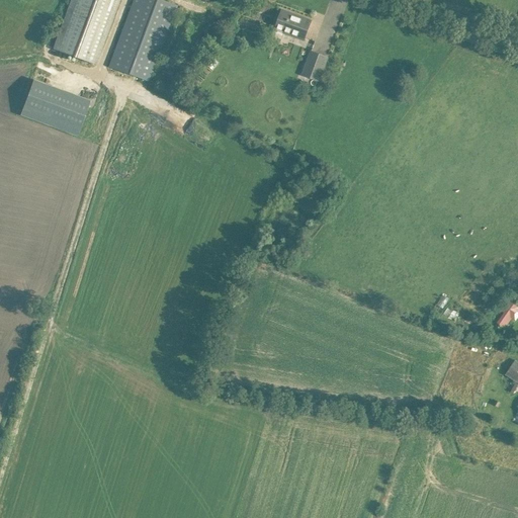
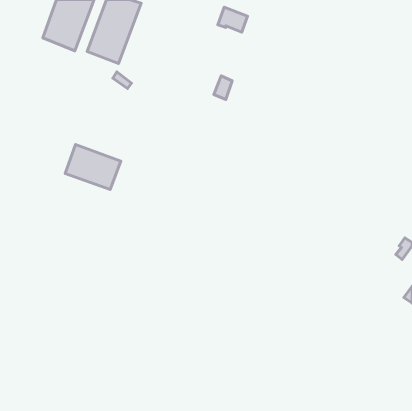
building: [303,50,326,79] -> [214,76,232,99]
building: [20,78,90,135] -> [65,144,121,189]

